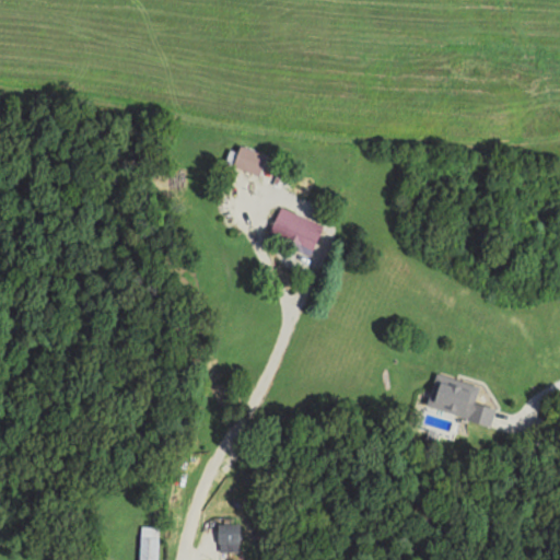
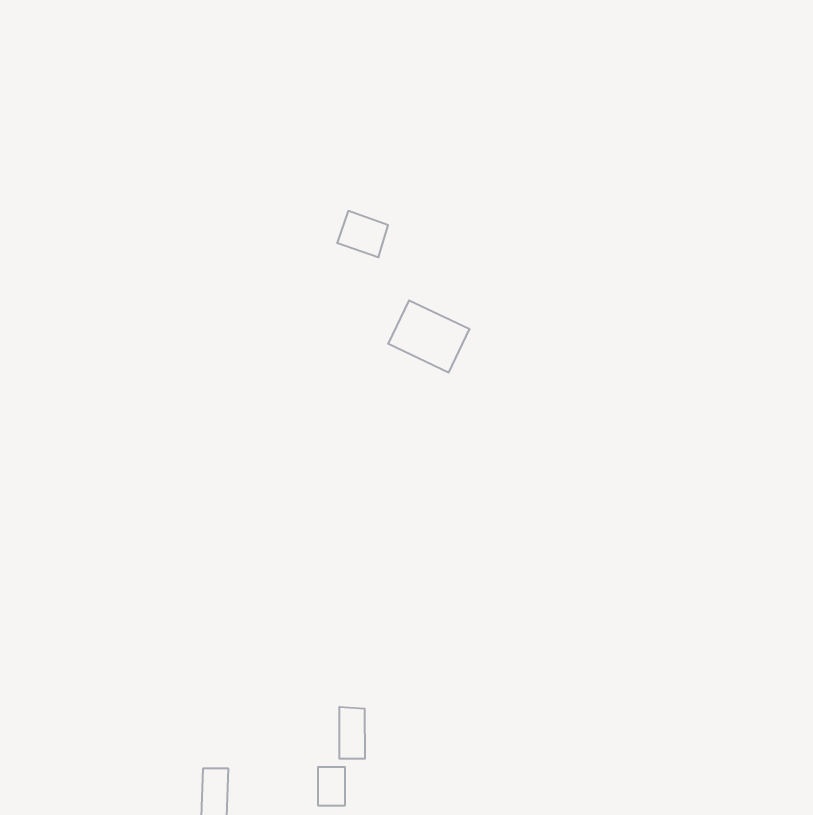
building: [427,375,495,427] -> none
building: none -> [339,707,365,759]

